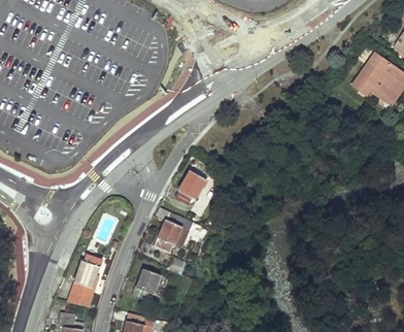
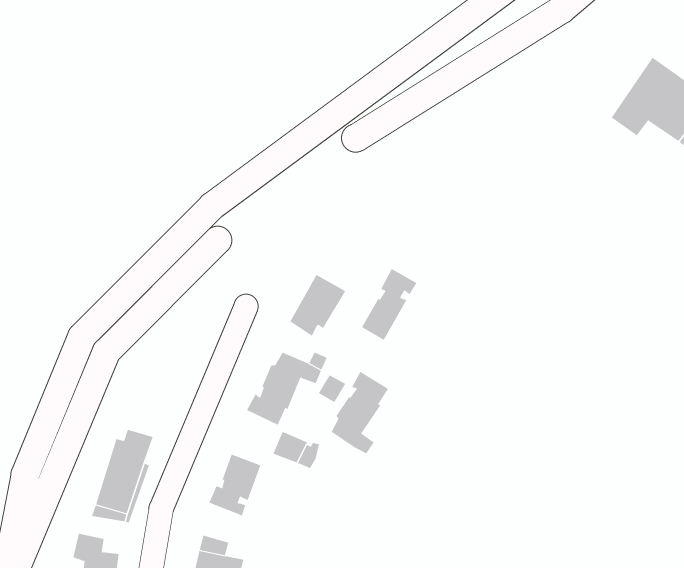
building: none -> [361,268,417,341]
building: none -> [331,371,389,454]

